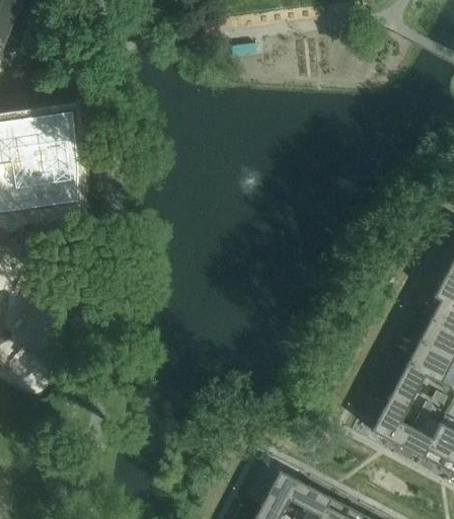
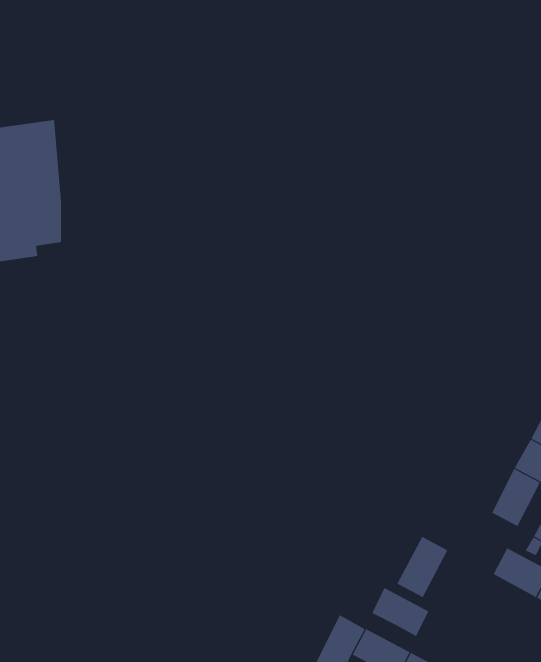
building: [372,396,409,441] -> [397,536,448,598]
building: none -> [371,587,429,637]

